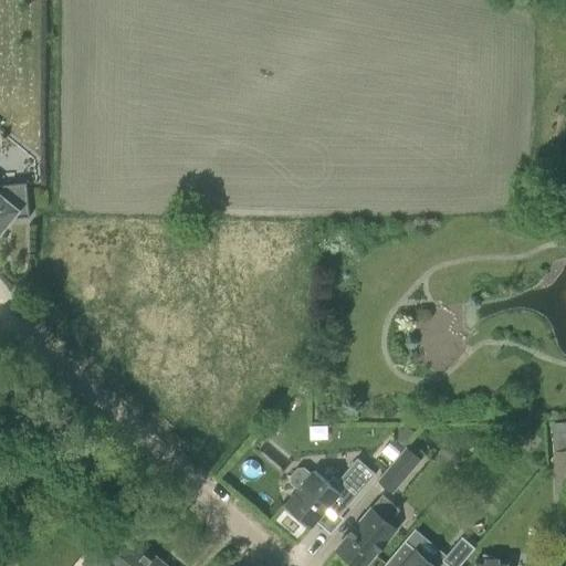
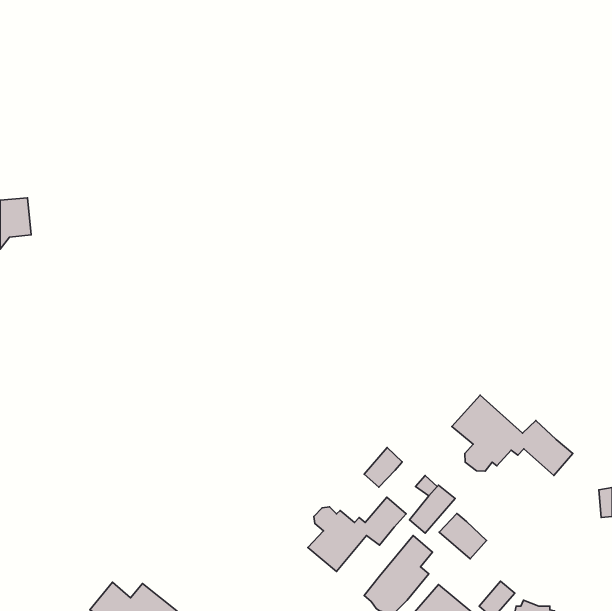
building: none -> [452,395,573,475]
building: none -> [364,448,402,487]
building: none -> [439,513,486,559]

